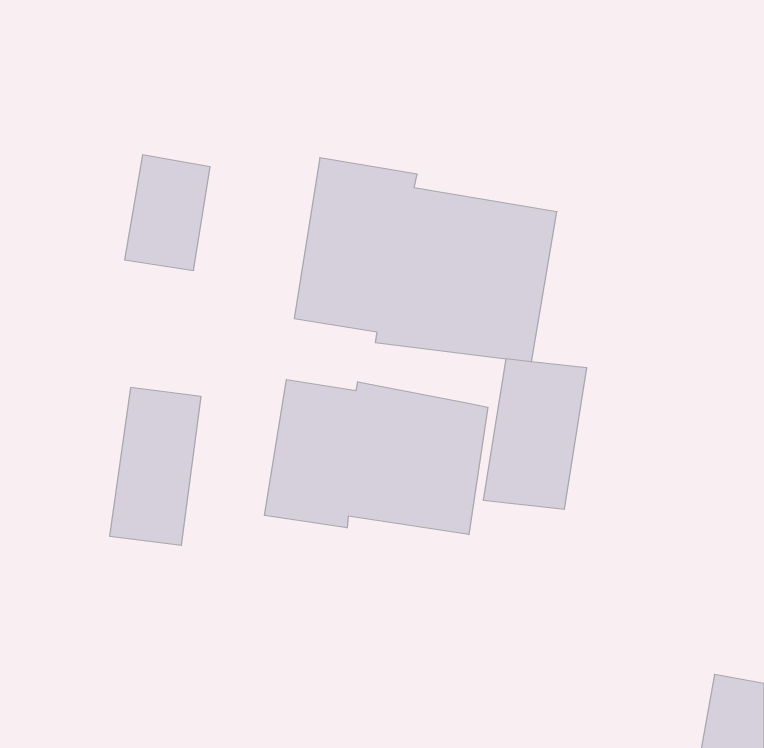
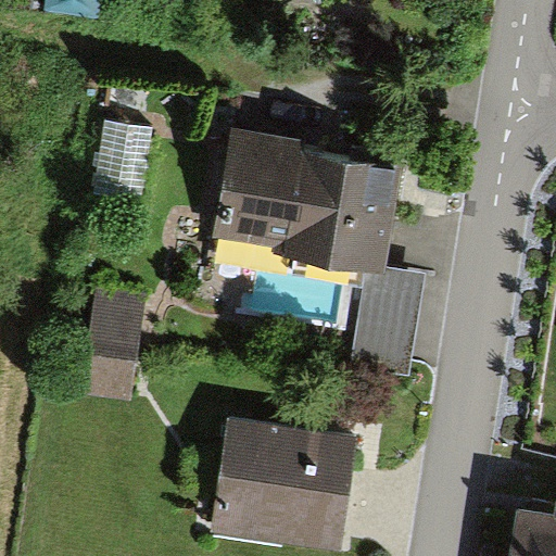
building: [264,380,488,535] -> none
building: none -> [210,417,357,551]

